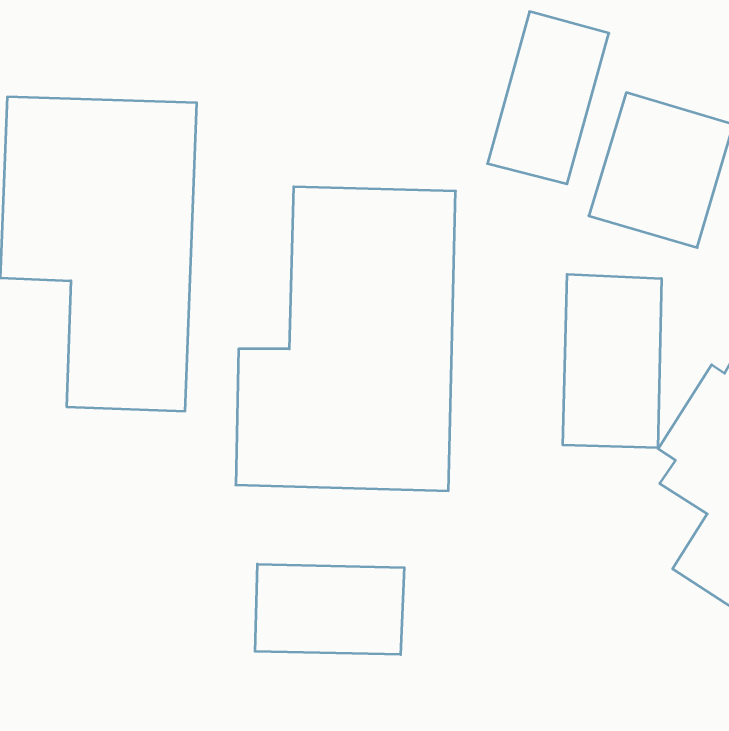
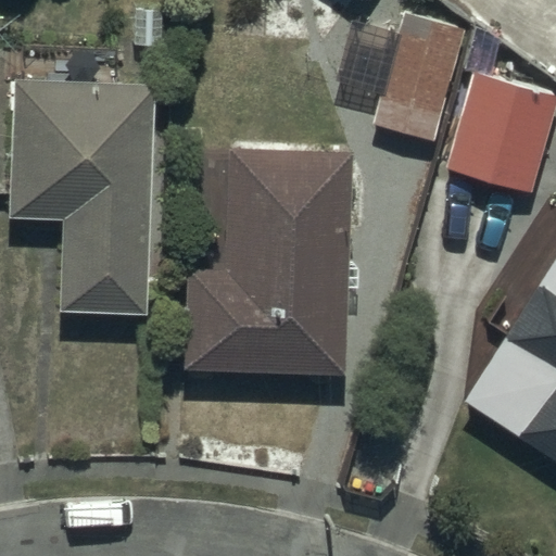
building: [563,274,661,448] -> none
building: [255,564,404,655] -> none

